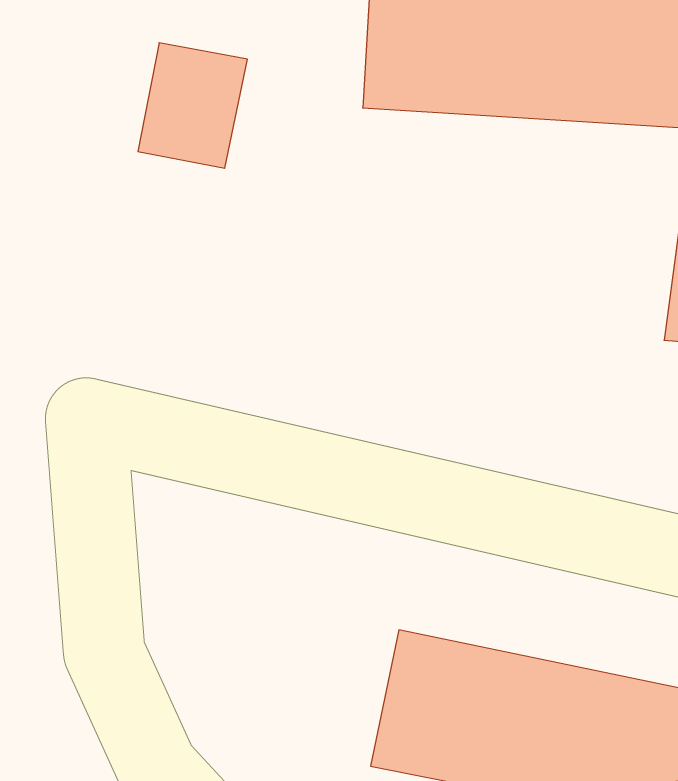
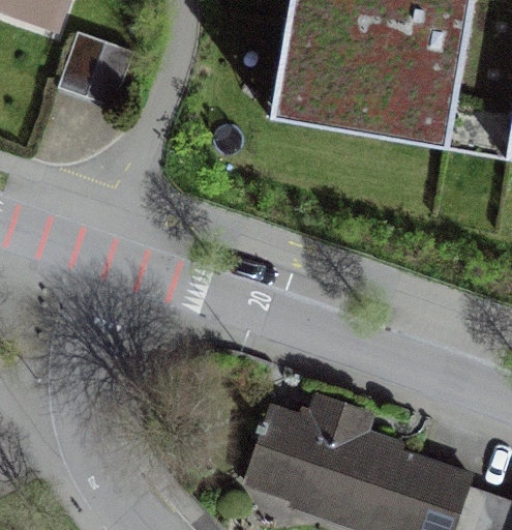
building: [138,43,247,168] -> [63,29,137,111]

